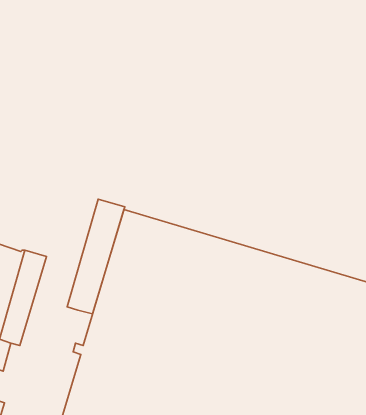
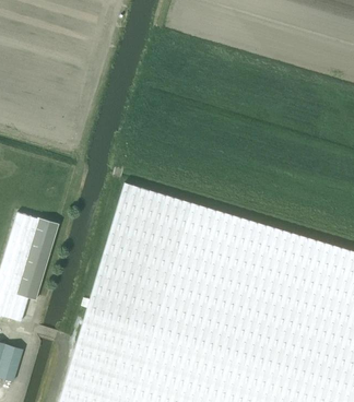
building: [67,199,125,314] -> none

